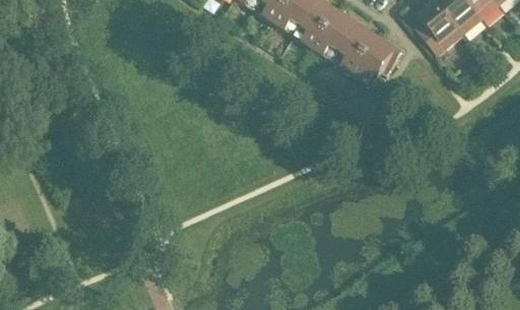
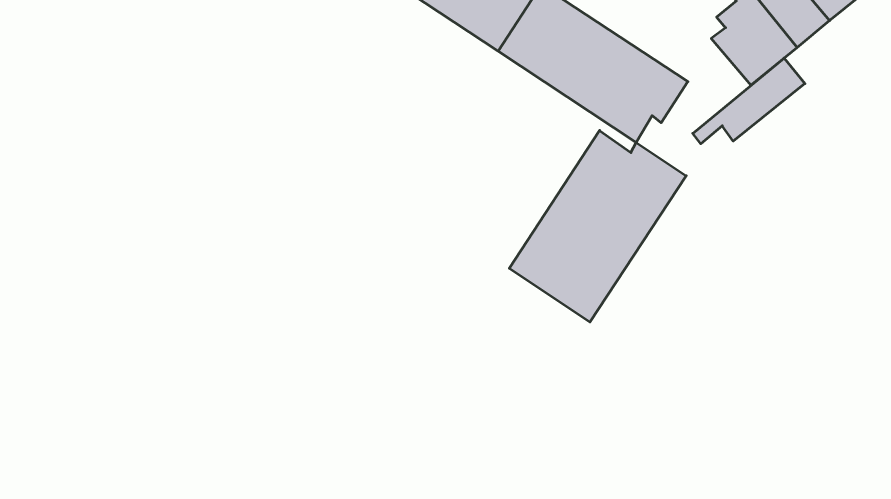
building: none -> [693,58,805,144]
building: none -> [509,130,686,322]

